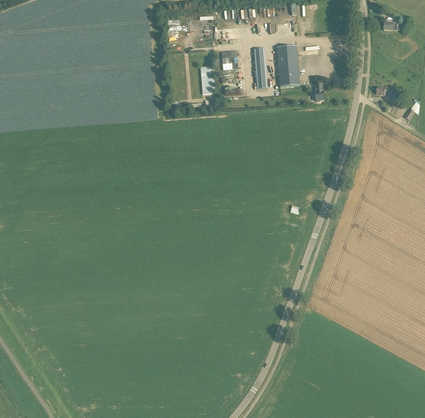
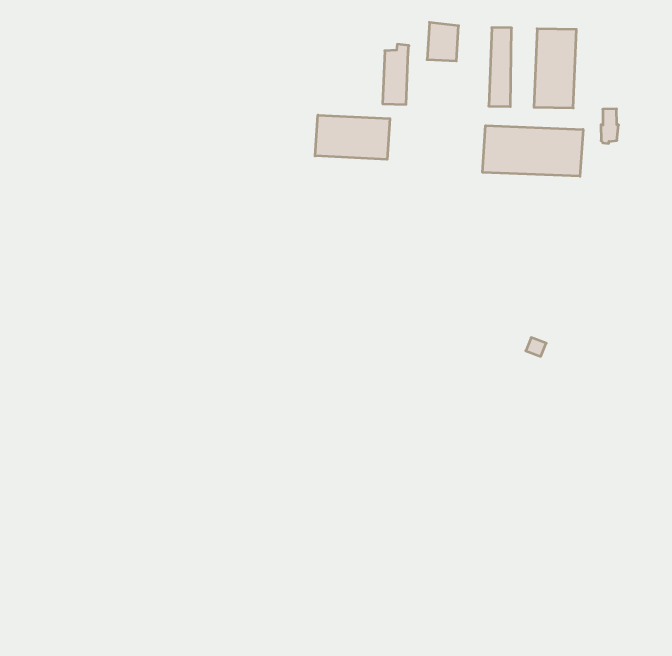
building: none -> [483,126,583,176]
building: none -> [315,115,390,159]

